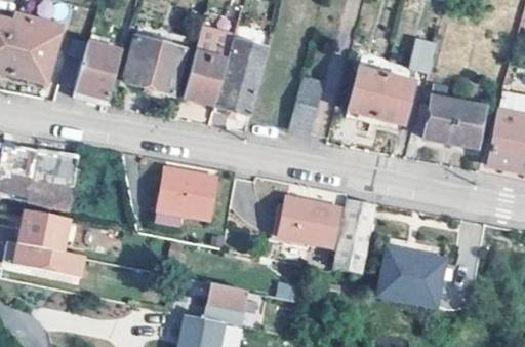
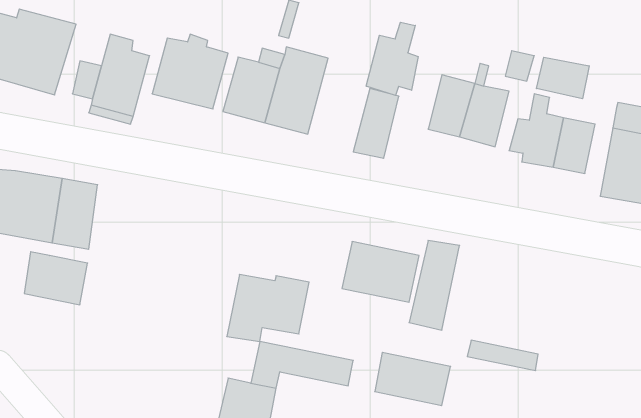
building: none -> [366,22,418,95]
building: none -> [536,57,589,99]
building: [151,176,217,230] -> [227,274,309,341]
building: [6,241,87,277] -> none
building: [382,249,444,293] -> [375,352,451,406]

